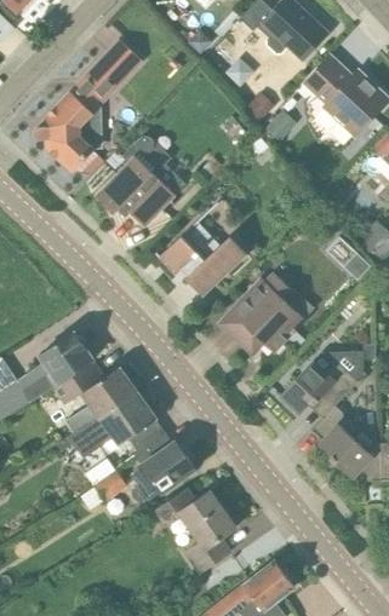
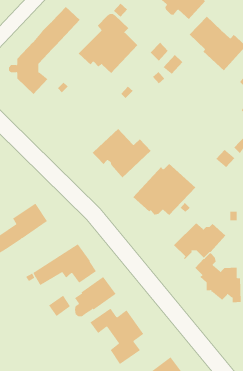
building: [96,136,185,225] -> [78,13,138,74]
building: [55,359,138,433] -> none

